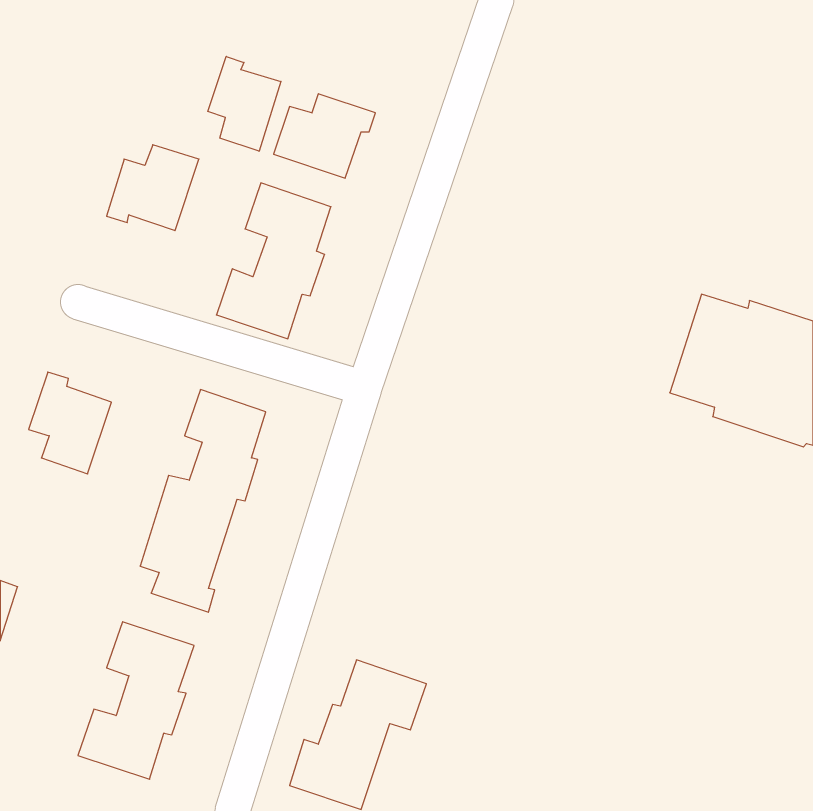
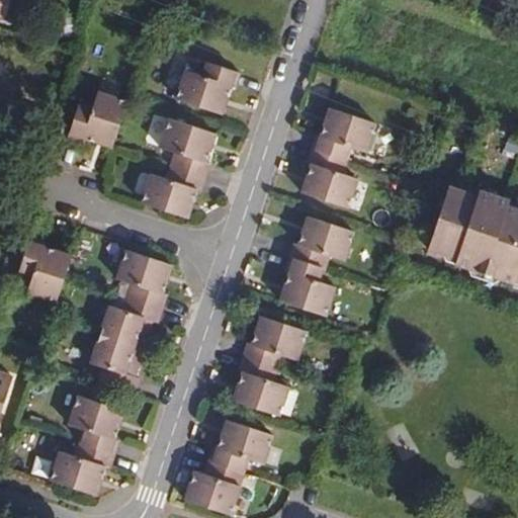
building: [208,56,281,151] -> none
building: none -> [301,105,374,204]
building: none -> [281,218,354,318]
building: none -> [233,317,306,416]

